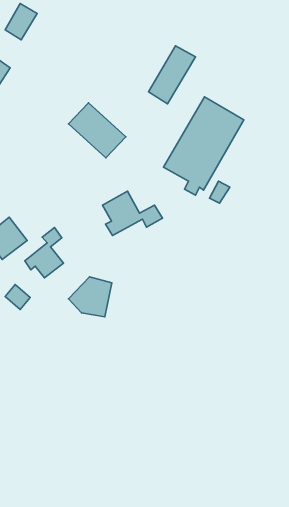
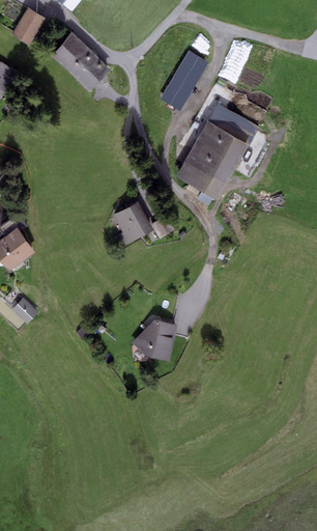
building: [69,103,126,158] -> [51,33,110,90]
building: [25,228,64,278] -> none
building: [69,277,112,317] -> [132,319,176,361]

